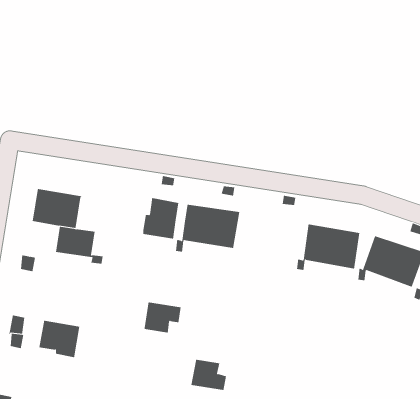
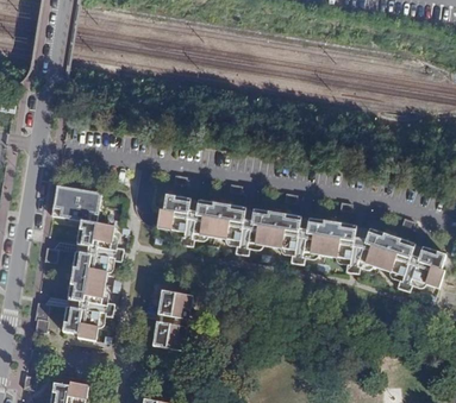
building: none -> [243,209,301,253]
building: none -> [68,252,112,310]
building: [190,359,227,390] -> [152,322,186,351]

